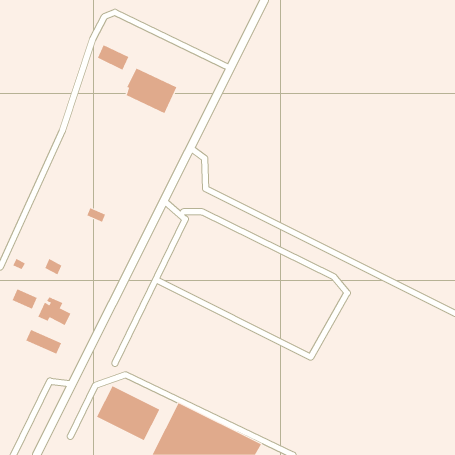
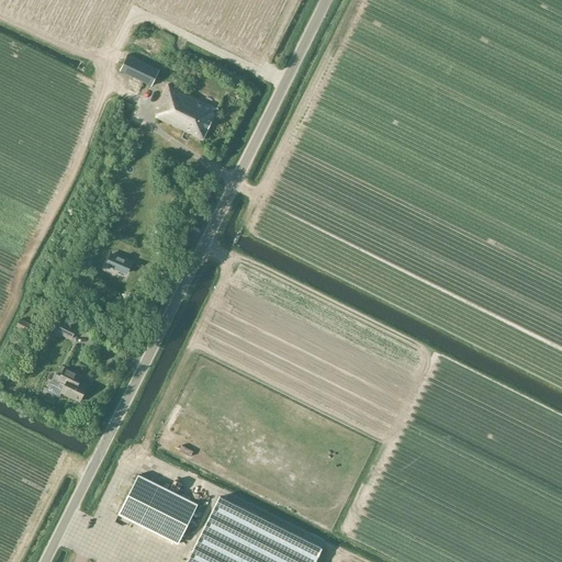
building: [12,289,38,309] -> none
building: [26,329,62,354] -> none

